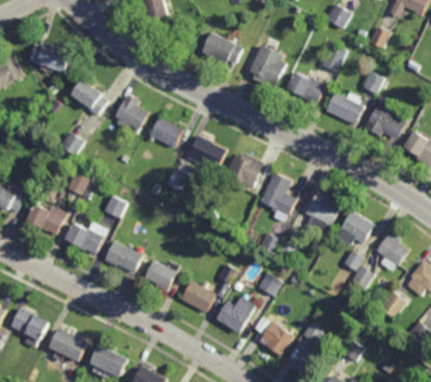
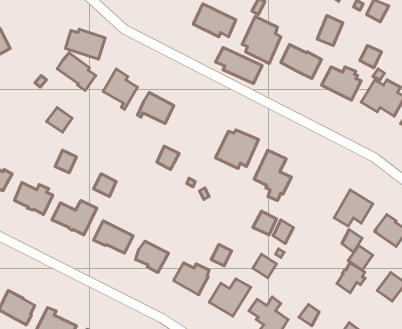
building: [30,42,68,71] -> [65,29,105,59]
building: none -> [216,47,262,83]
building: [186,135,226,170] -> none
building: [305,193,341,232] -> none
building: none -> [337,263,365,293]

